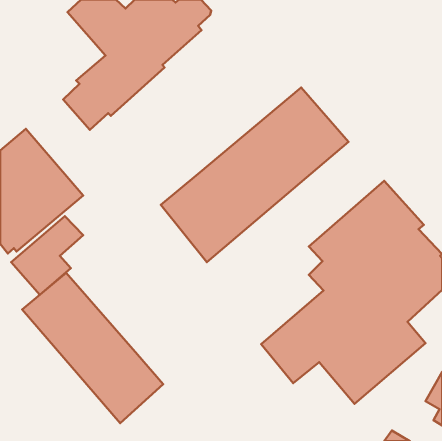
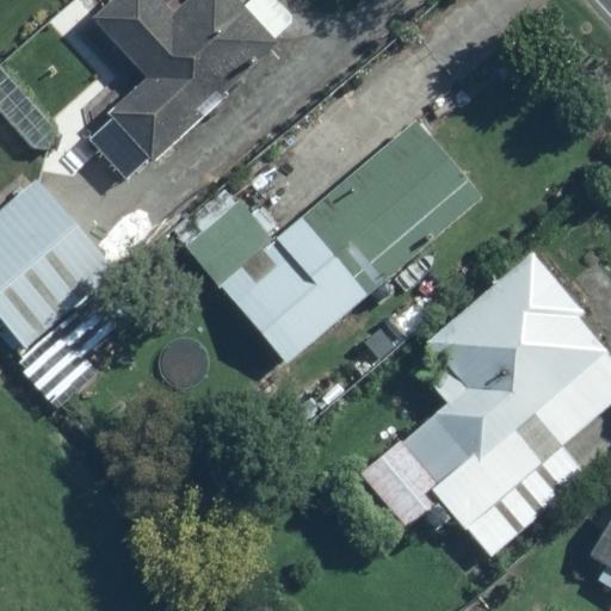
building: none -> [173,187,273,283]
building: [22,273,163,423] -> none

